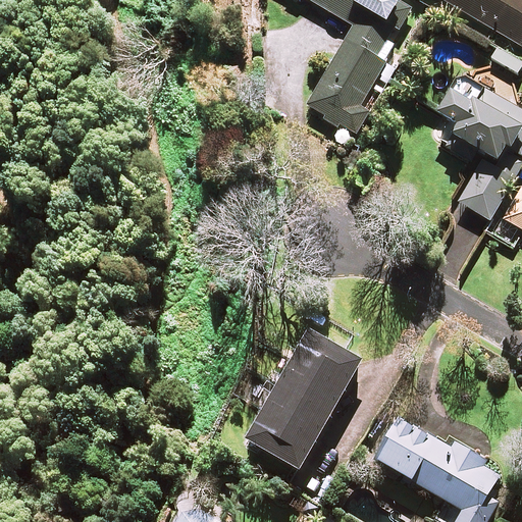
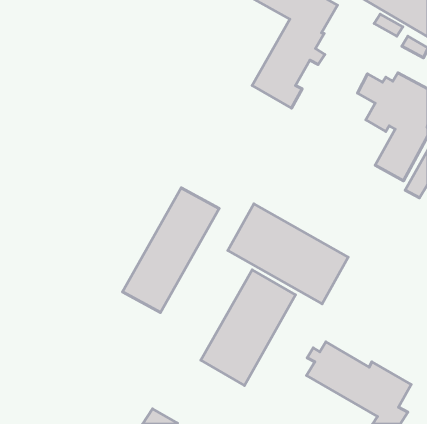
building: none -> [122,188,219,313]
building: none -> [228,204,348,304]

